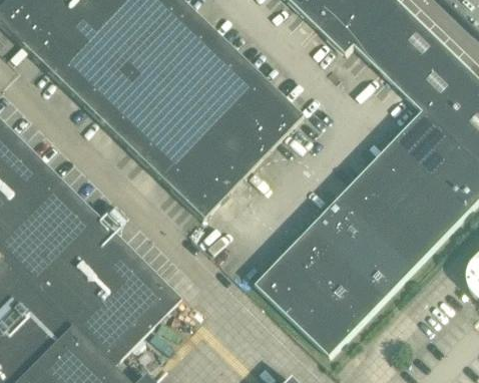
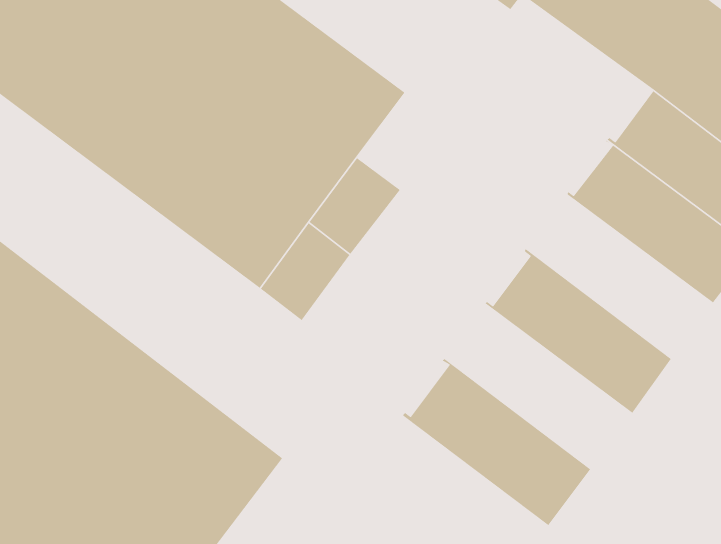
building: [246,93,302,149] -> none
building: [337,164,442,268] -> none
building: [282,222,387,326] -> none

